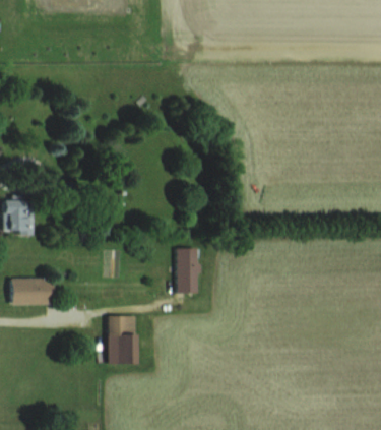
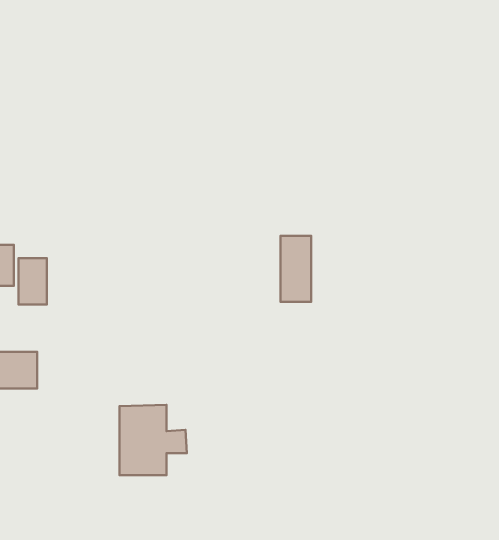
building: none -> [18,258,47,305]
building: [177,248,198,294] -> [281,236,311,302]

